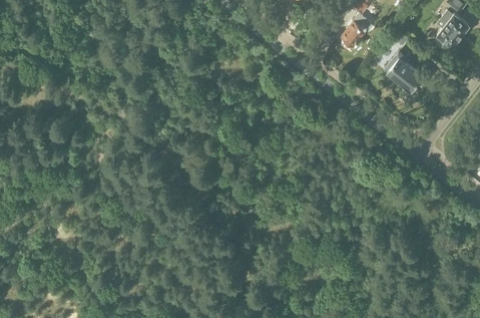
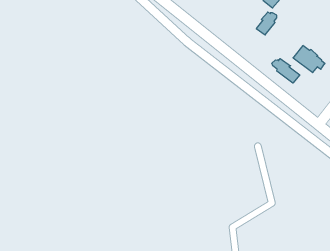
building: none -> [272,59,300,83]

